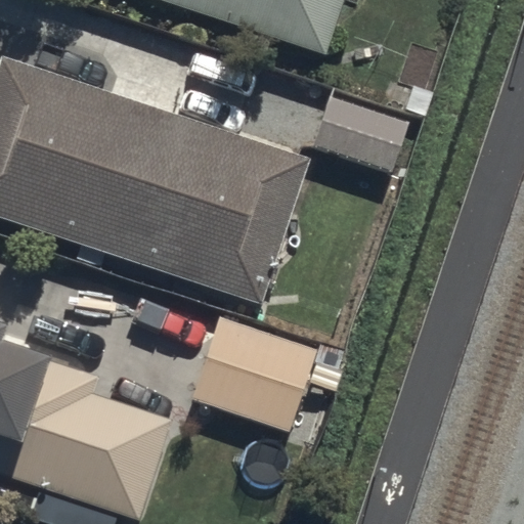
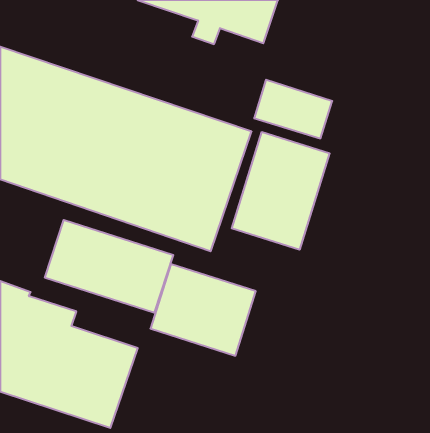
building: none -> [232,132,330,250]
building: none -> [45,220,173,313]

